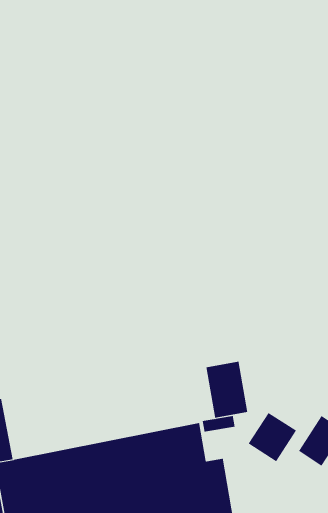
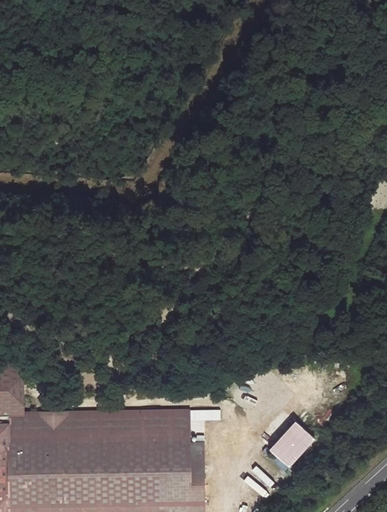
building: [206,361,248,419] -> none
building: [248,412,297,462] -> none

